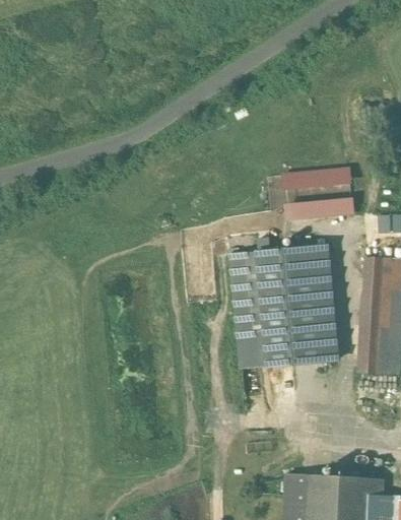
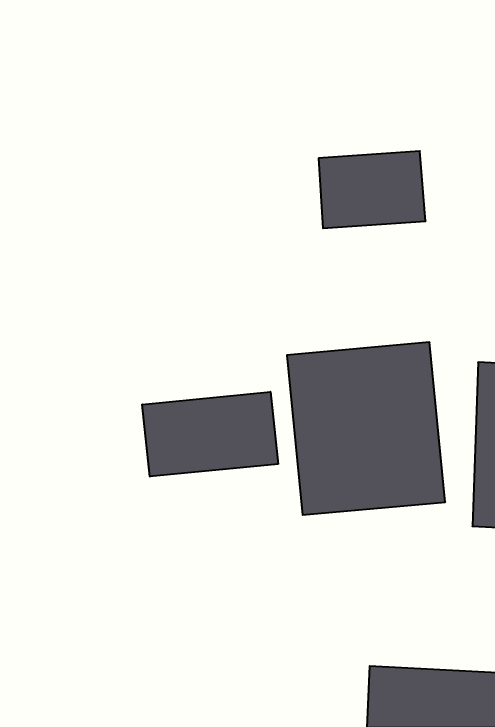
building: [278,166,354,220] -> [319,151,426,228]
building: none -> [142,392,278,477]

